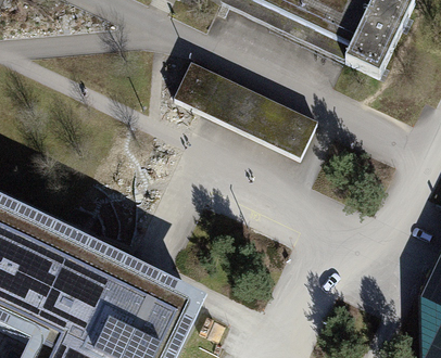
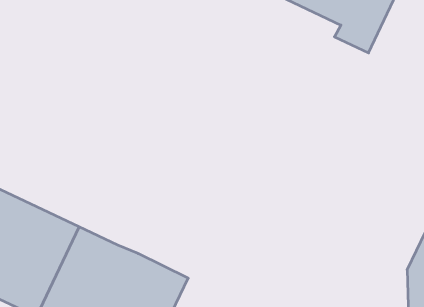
building: [180,62,318,155] -> none

